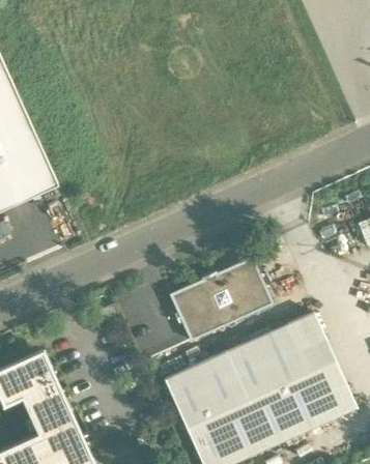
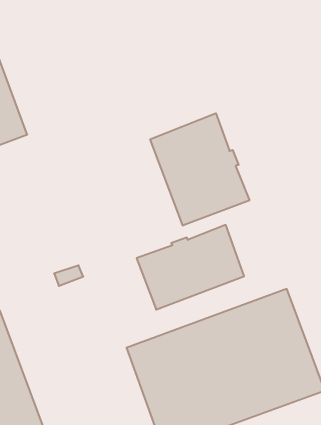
building: none -> [150,113,249,226]

